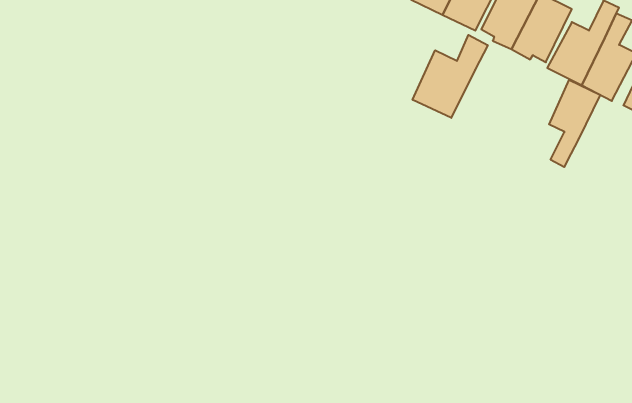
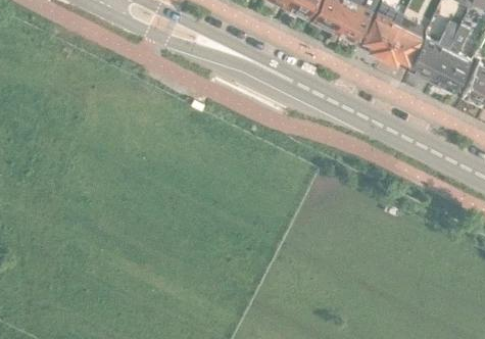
building: [413,35,488,118] -> none
building: [549,80,600,167] -> none

